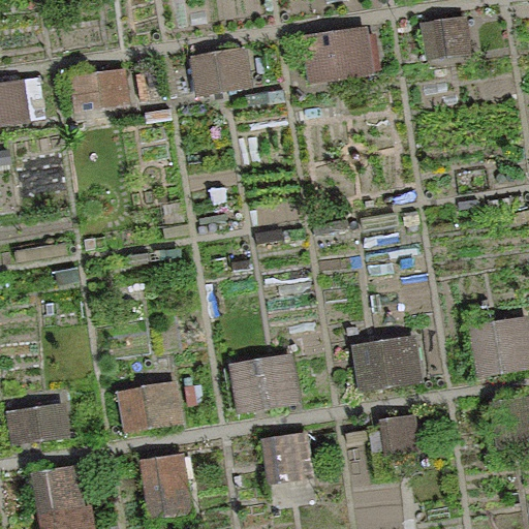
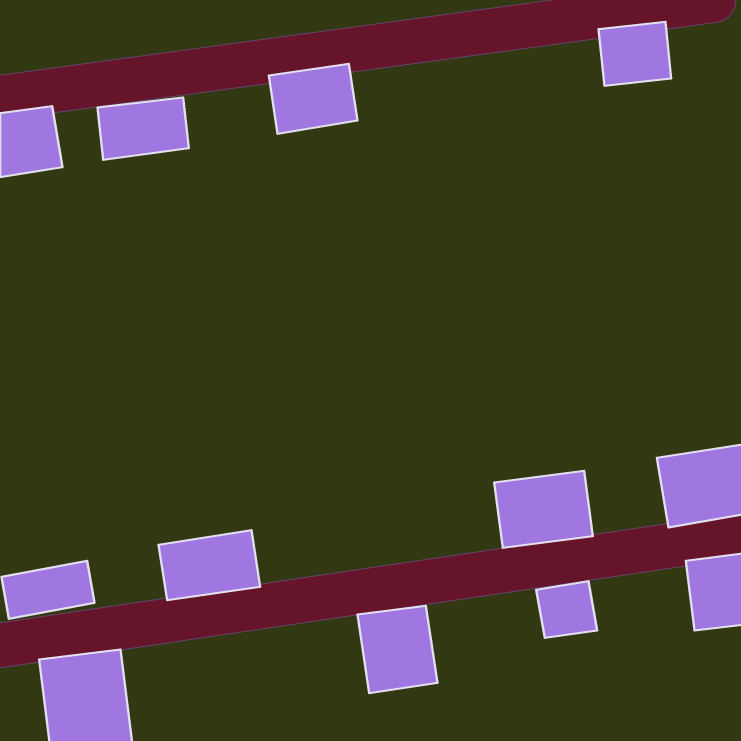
building: [304,25,377,84] -> none
building: [224,351,301,411] -> none
building: [136,446,195,521] -> none

